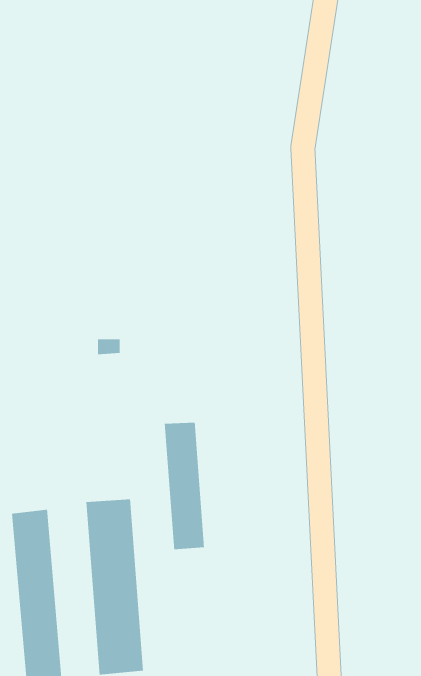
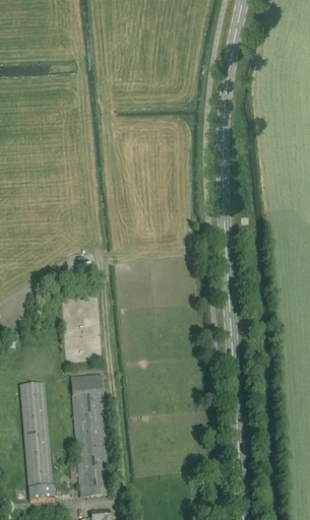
building: [164,422,205,550] -> none

